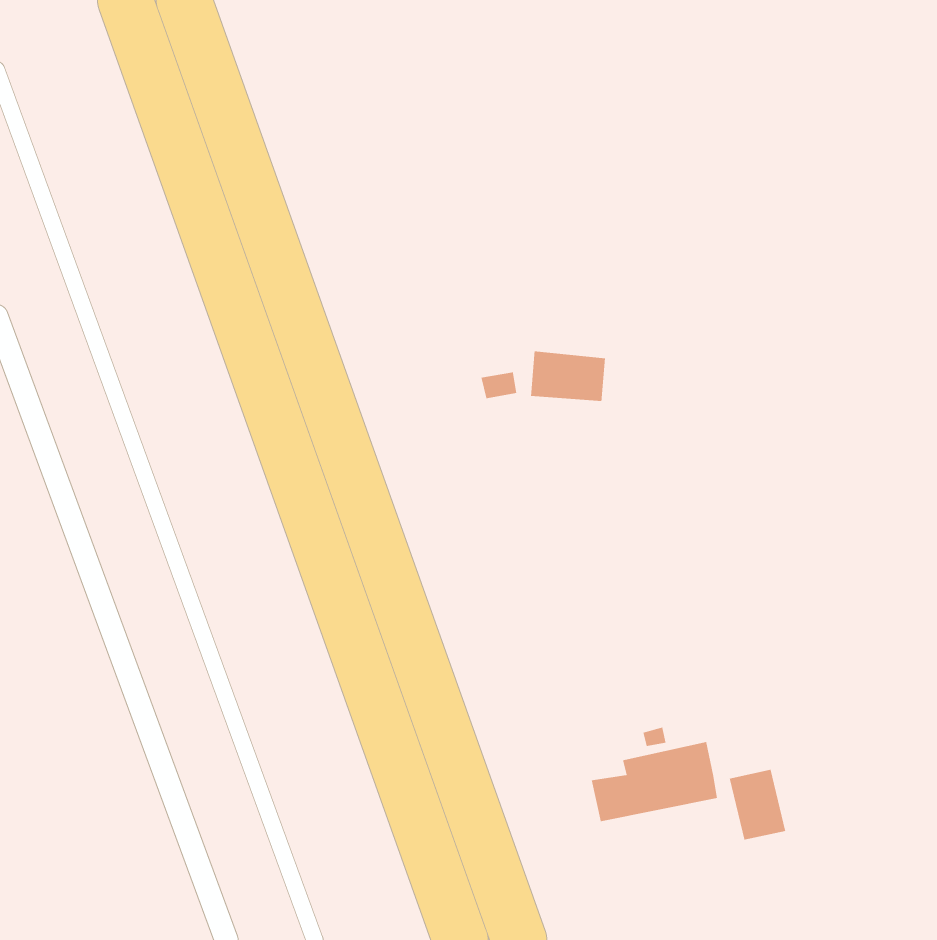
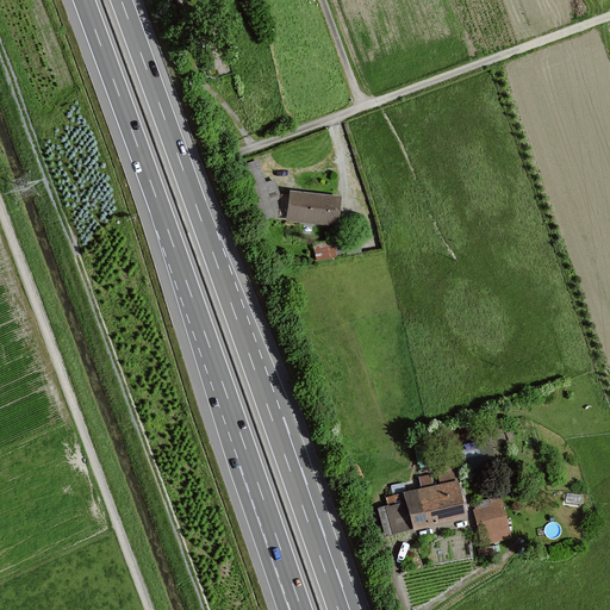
building: [530,350,606,402] -> [288,191,337,224]

